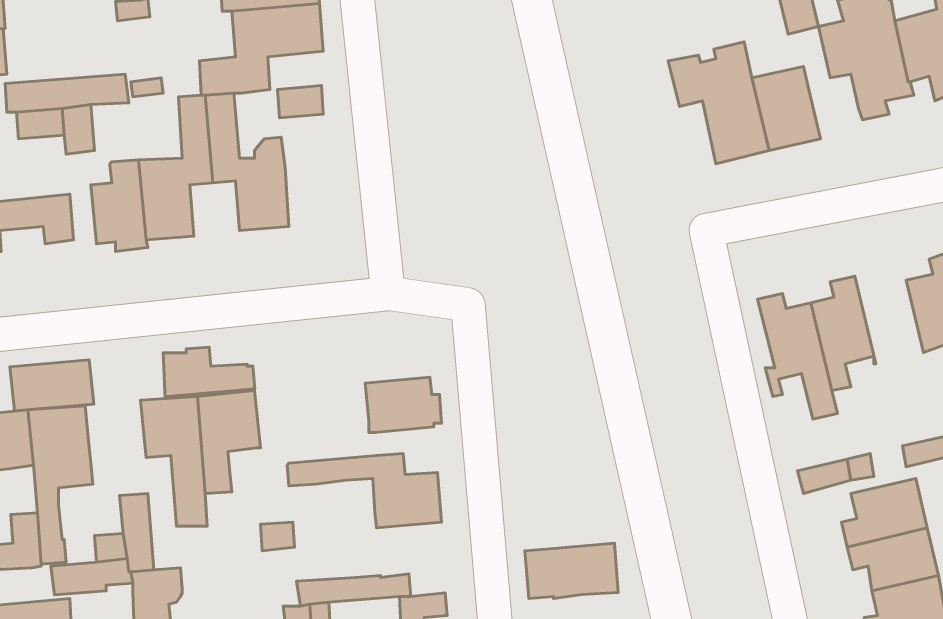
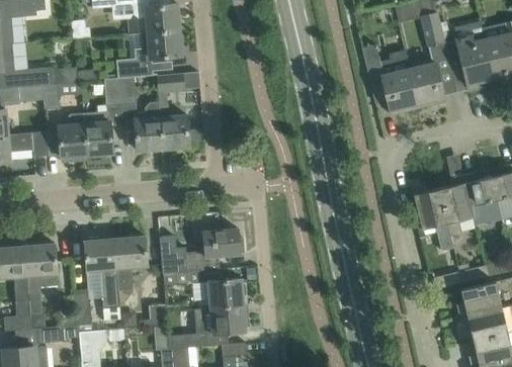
building: none -> [161,115,189,149]
building: none -> [463,172,500,221]
building: [163,347,255,399] -> [161,248,209,275]
building: [10,360,94,411] -> none
building: [525,543,618,598] -> [196,305,246,335]

